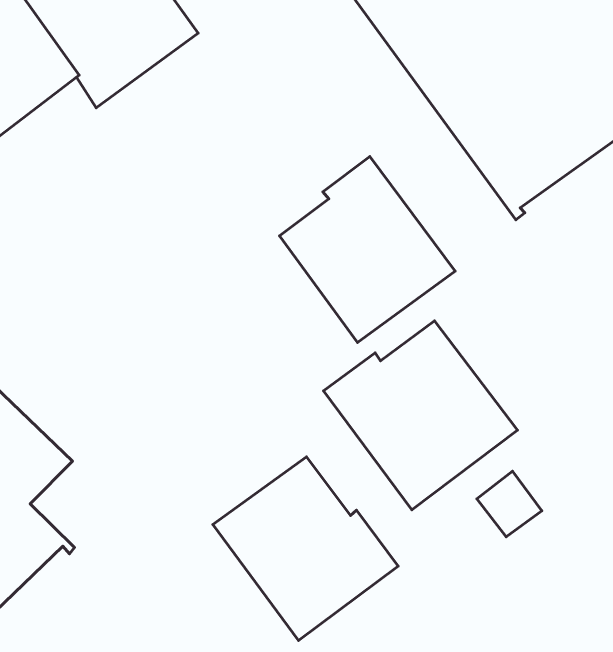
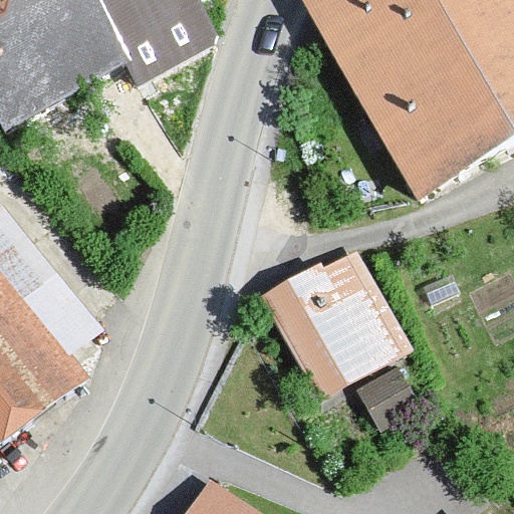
building: [279,157,455,343] -> none
building: [213,457,398,641] -> none

